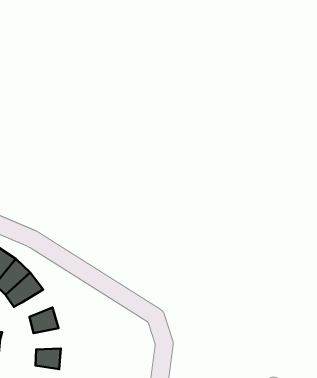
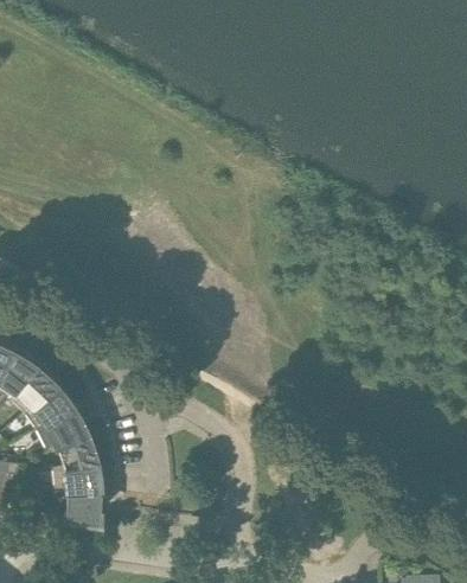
building: none -> [38,410,91,453]
building: none -> [53,463,103,493]

